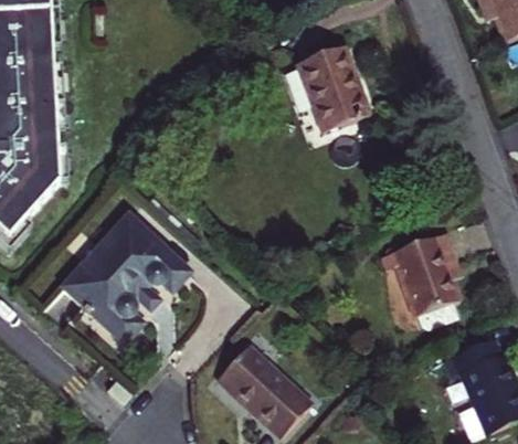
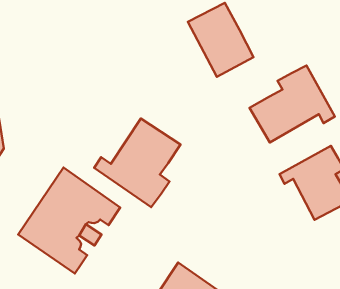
building: none -> [250,65,335,143]
building: none -> [94,118,181,207]

